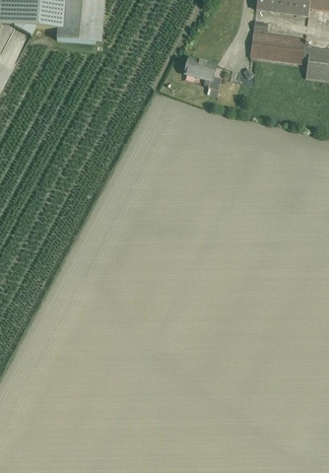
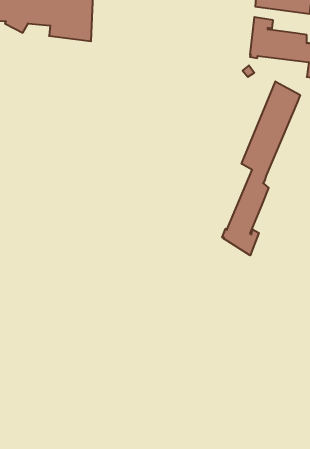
building: [182,55,219,95] -> none
building: none -> [222,81,300,255]

